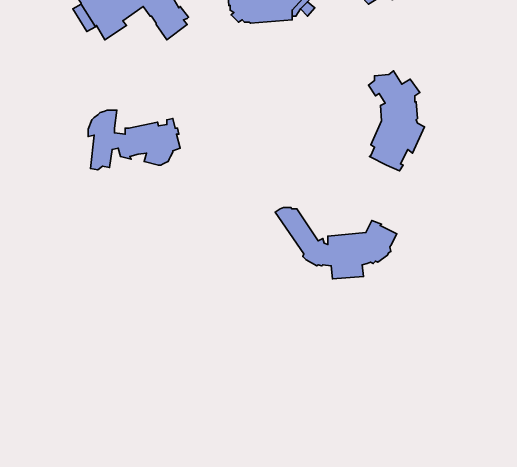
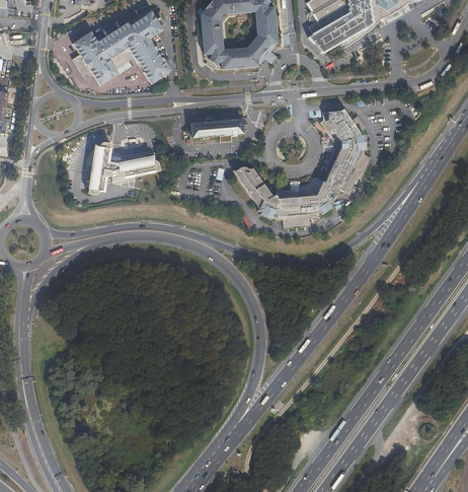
building: none -> [189,115,247,137]
building: [275,208,397,279] -> [233,166,336,227]

